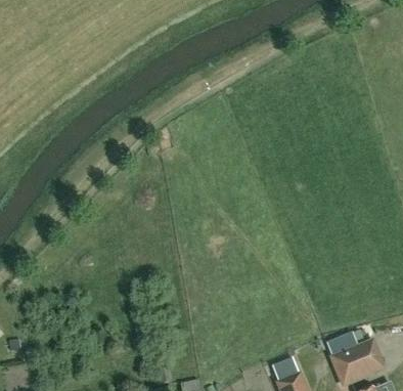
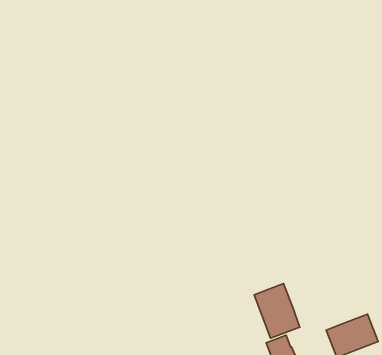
building: none -> [254,284,300,338]

